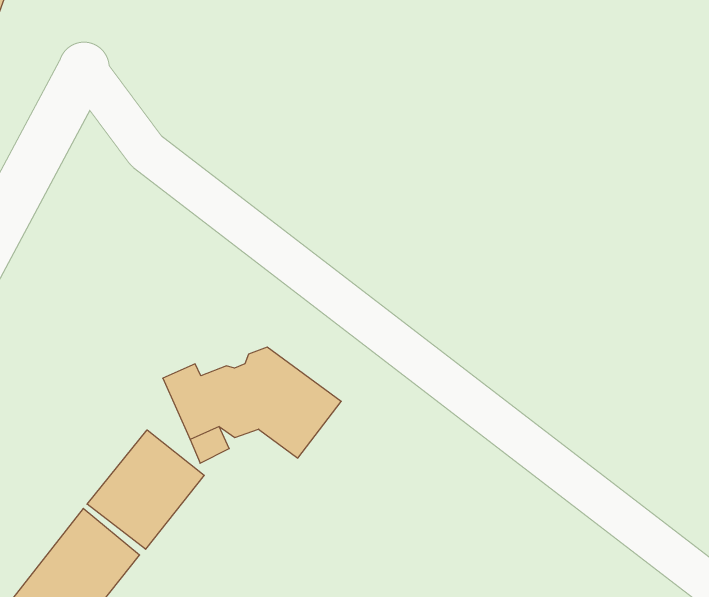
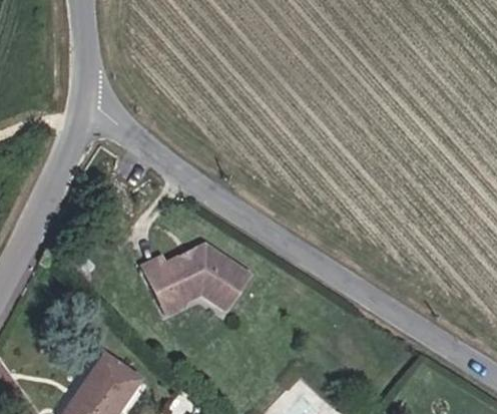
building: [87,430,204,549] -> none

